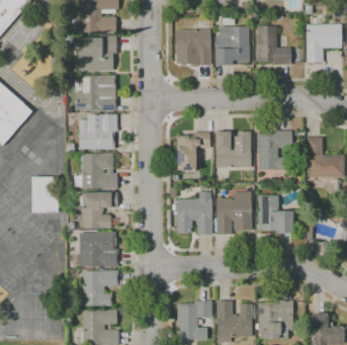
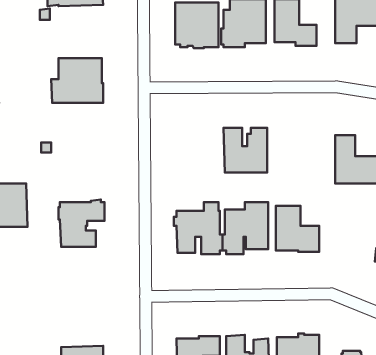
building: [79,36,117,72] -> none
building: [79,114,118,150] -> none
building: [257,131,292,171] -> none
building: [177,133,210,171] -> none
building: [75,154,117,189] -> none
building: [80,233,118,267] -> none
building: [74,271,118,307] -> none

